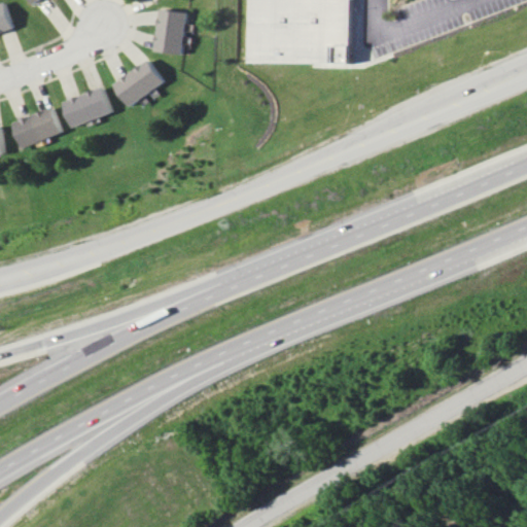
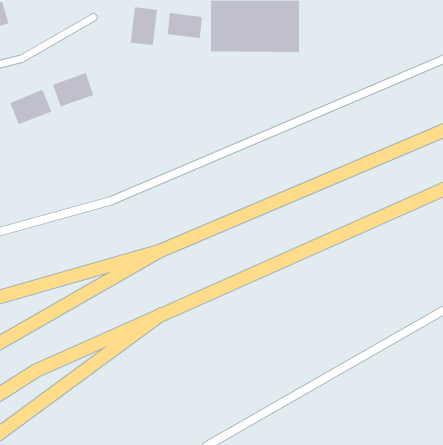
building: none -> [167,12,202,39]
building: [113,61,164,106] -> none

